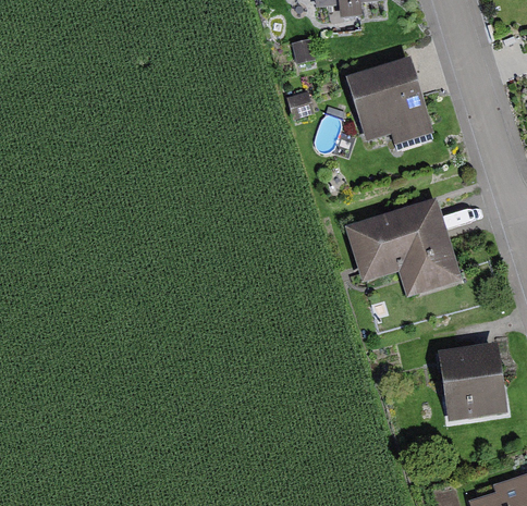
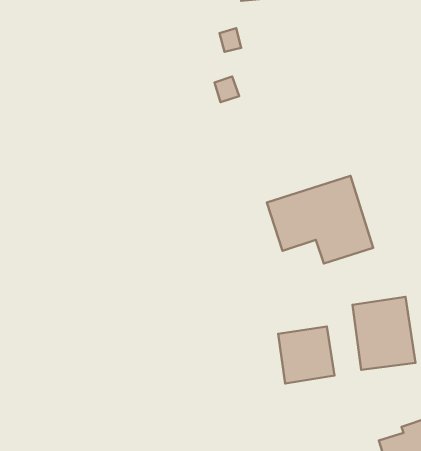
building: [346,57,433,143] -> none
building: none -> [278,327,335,384]

